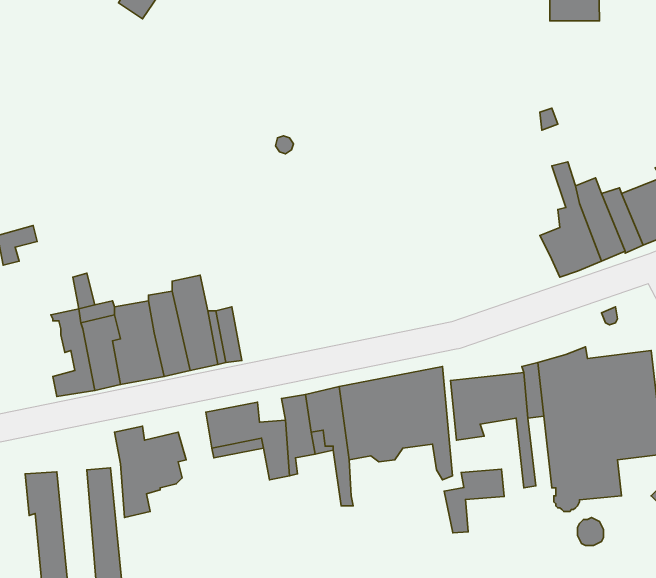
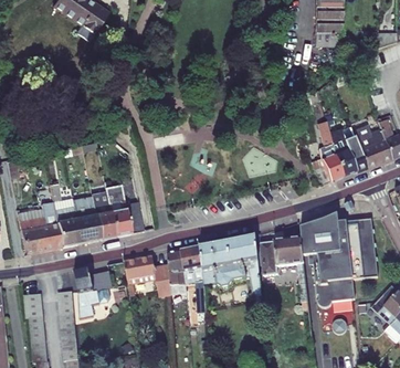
building: none -> [19,207,51,254]
building: [444,469,504,533] -> none

